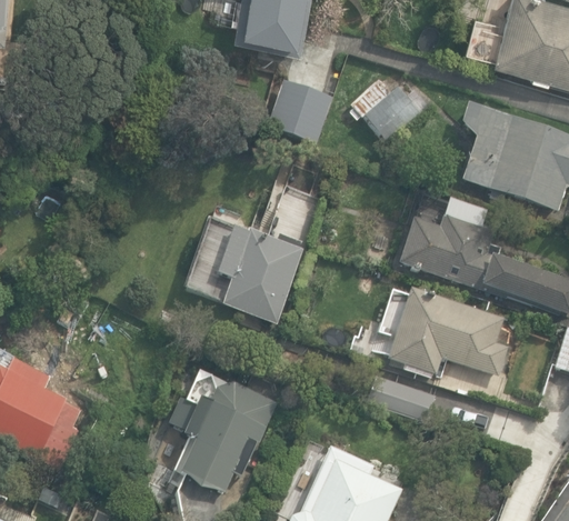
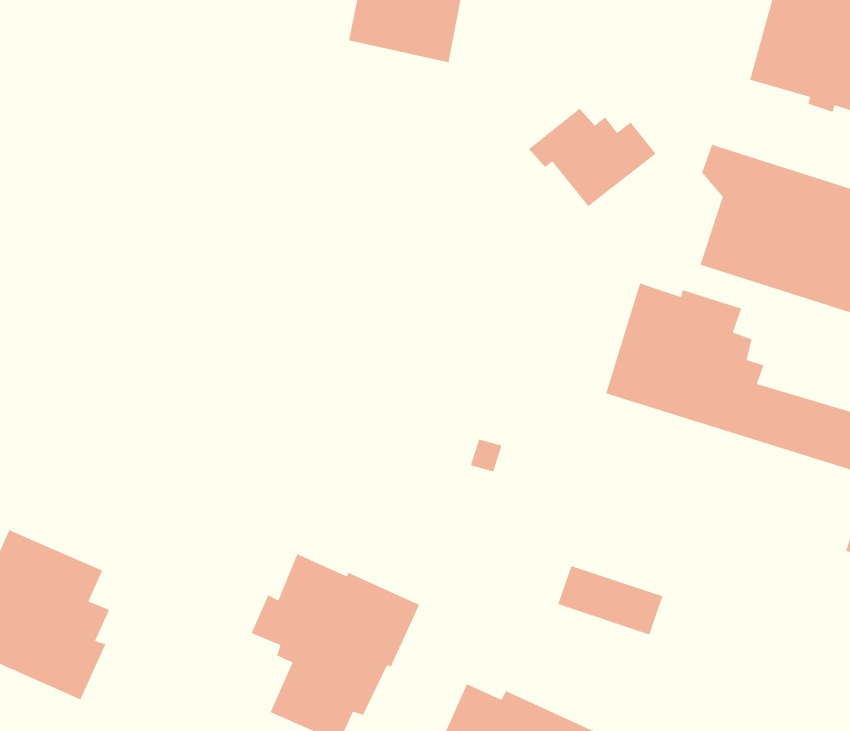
building: [269,80,333,142] -> none
building: [183,214,305,323] -> none
building: [388,289,507,375] -> none

